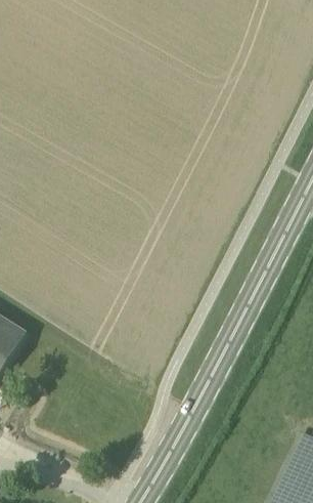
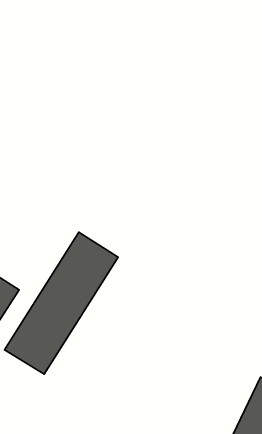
building: none -> [4,232,118,374]

